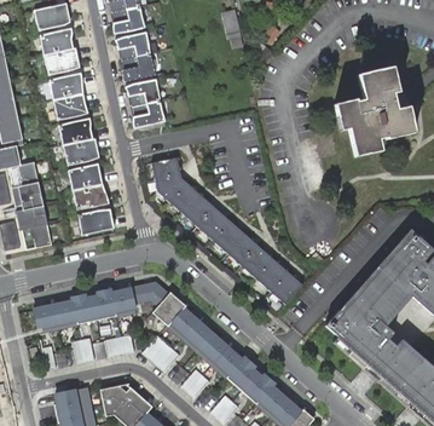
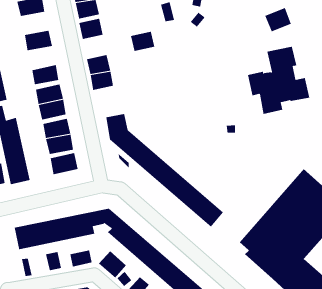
building: none -> [265,7,291,32]
building: [39,28,76,53] -> none
building: [120,53,152,80] -> [130,31,155,51]
building: [48,71,86,99] -> none

